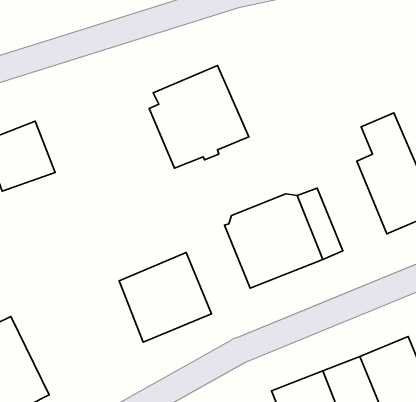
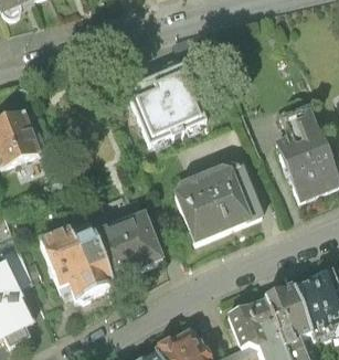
building: none -> [41,223,113,297]

